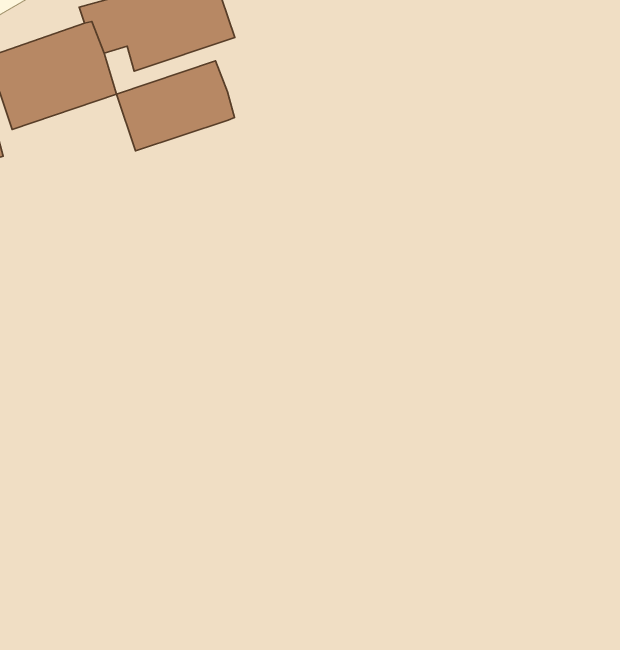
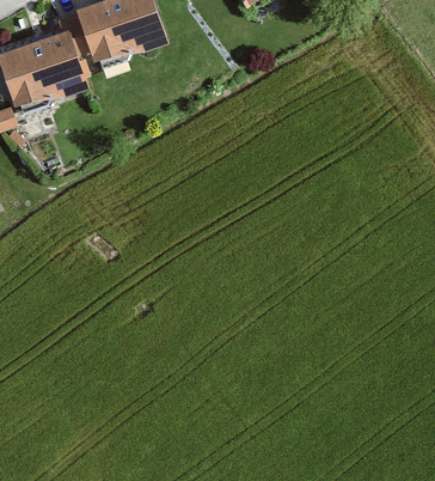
building: [116,61,235,151] -> none

